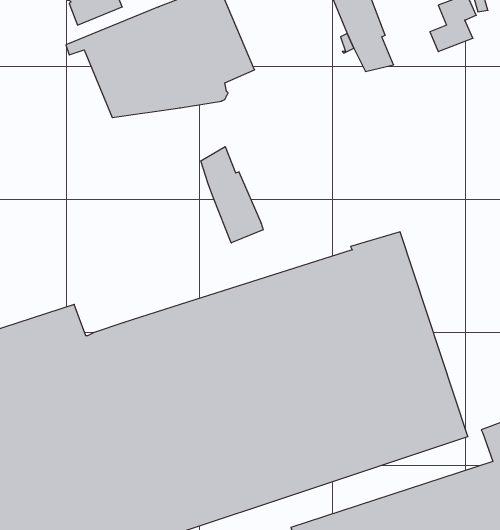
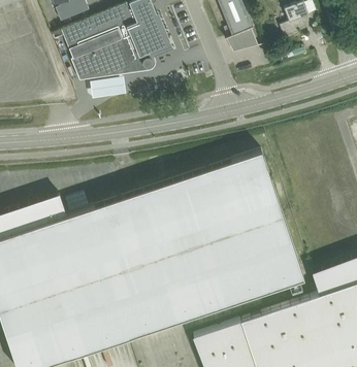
building: [201,147,263,243] -> none

